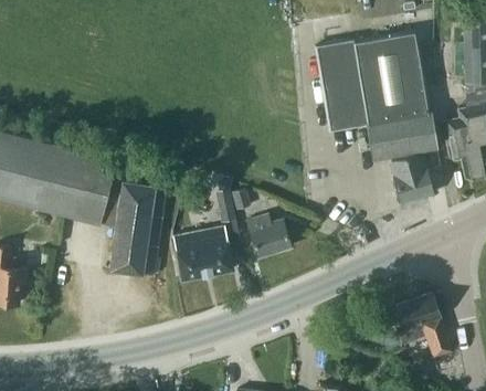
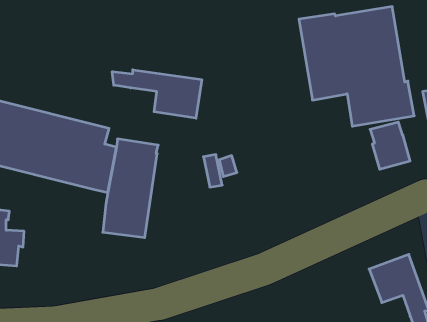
building: none -> [112,70,202,118]
building: [246,214,292,257] -> none
building: [173,226,233,281] -> none

